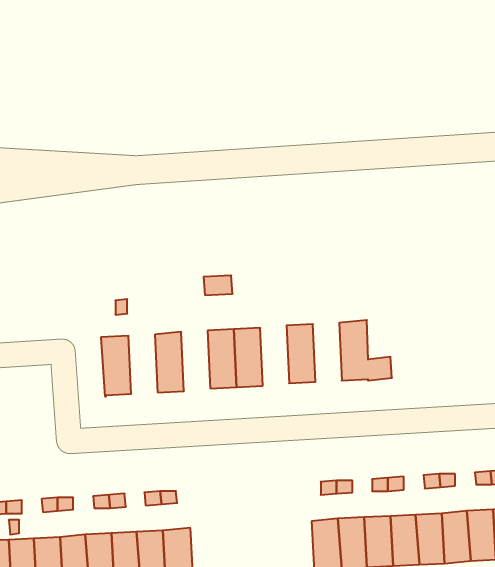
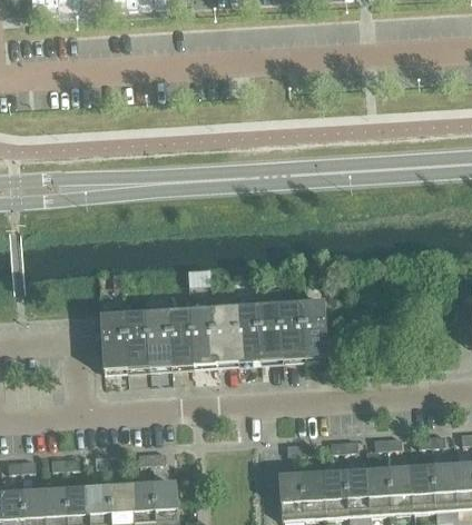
building: none -> [281,307,305,357]
building: none -> [236,309,260,360]
building: none -> [169,314,194,365]
building: none -> [125,317,149,367]

